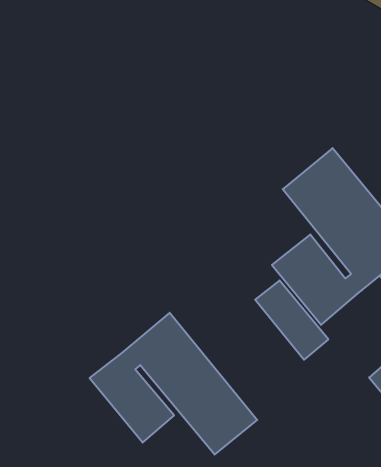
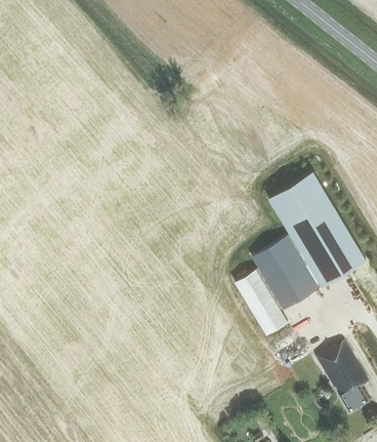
building: [90,313,257,455] -> none

